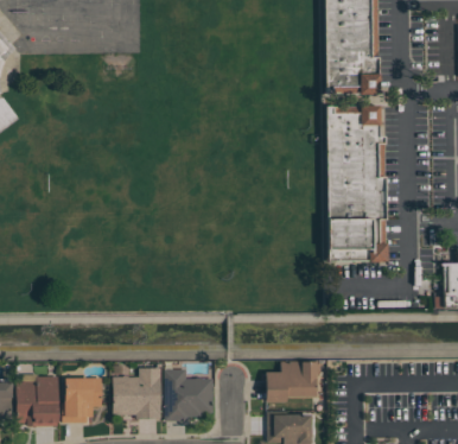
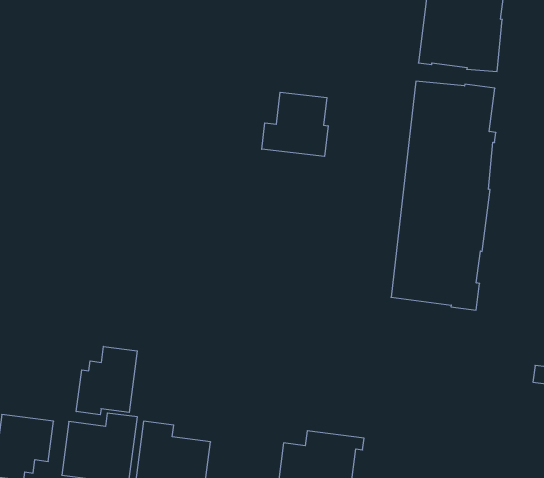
building: none -> [262,92,328,156]
building: none -> [76,346,137,415]

